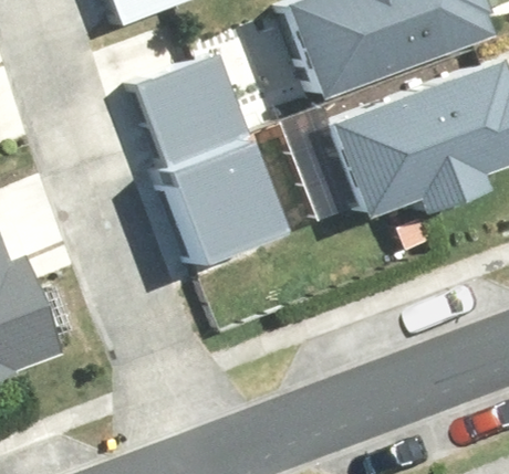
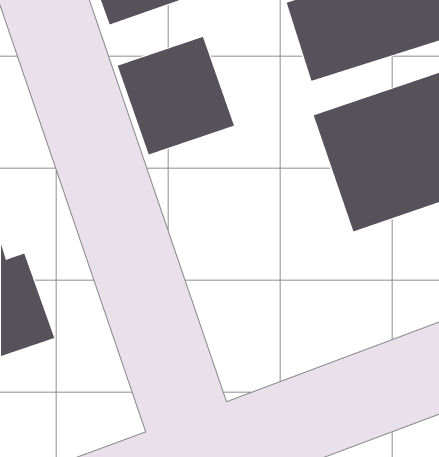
building: [158,130,284,260] -> none

